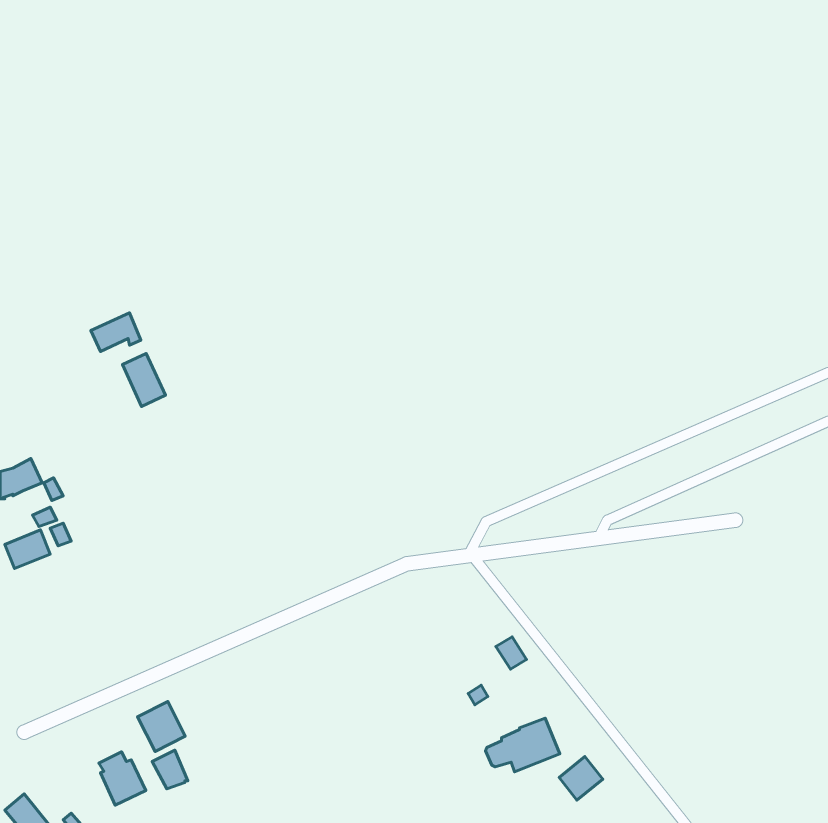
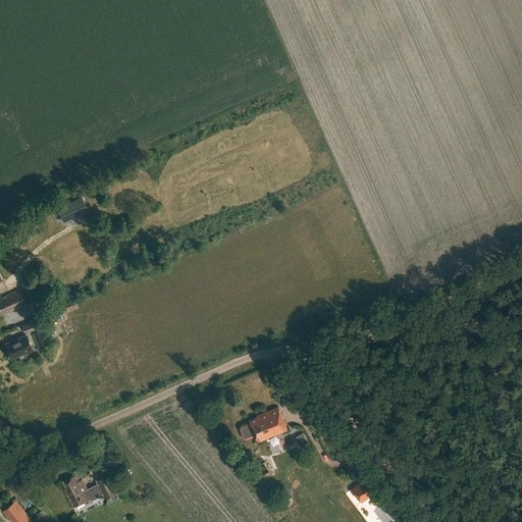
building: [122,353,165,406] -> none
building: [138,701,185,752] -> none
building: [485,718,560,772] -> [240,409,286,442]

